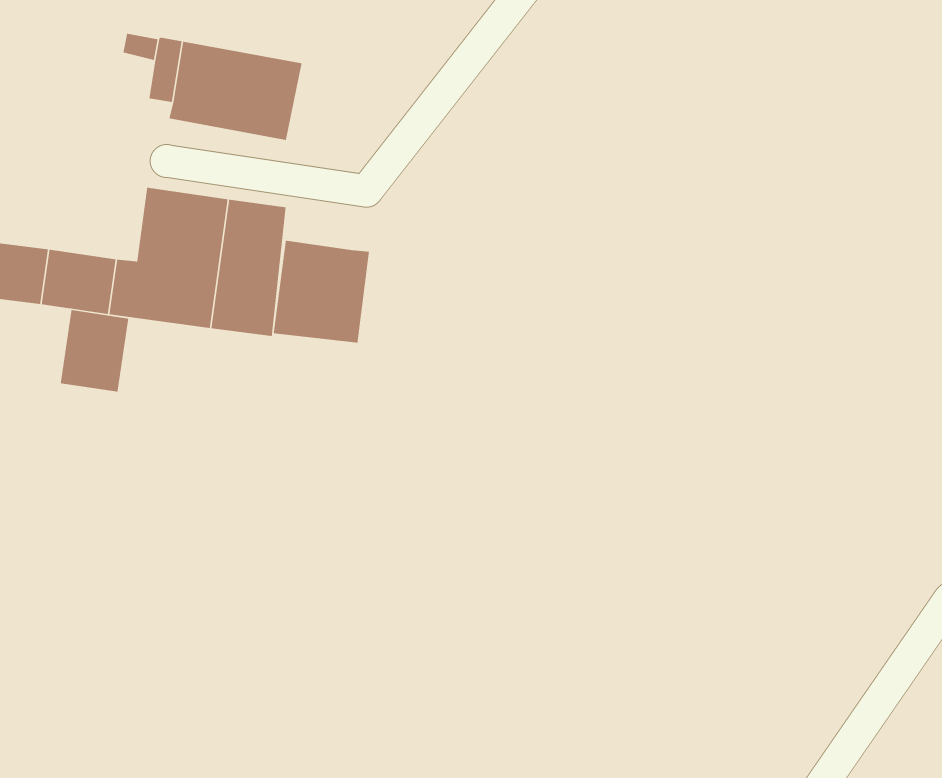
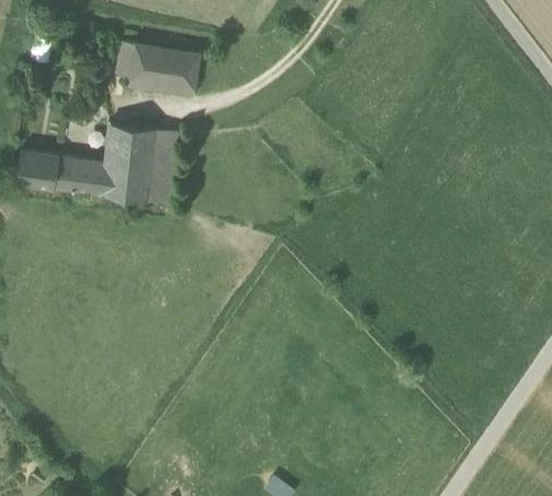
building: [273,240,370,343] -> none
building: [60,309,129,393] -> none

